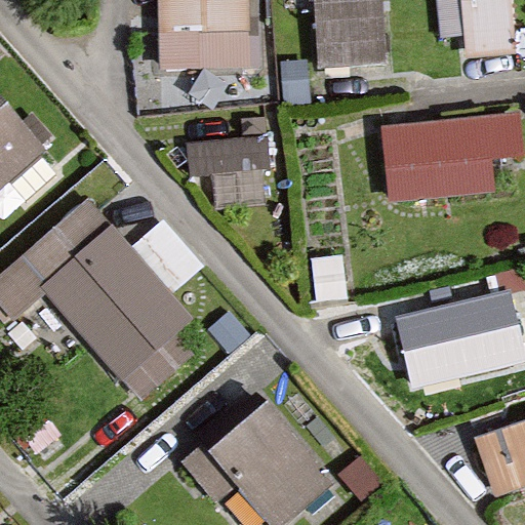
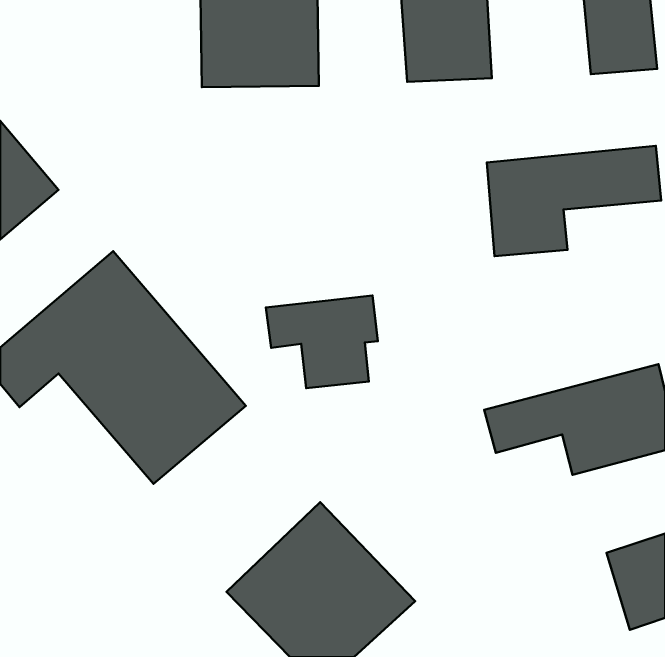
building: [185,134,273,207] -> [266,296,378,388]

